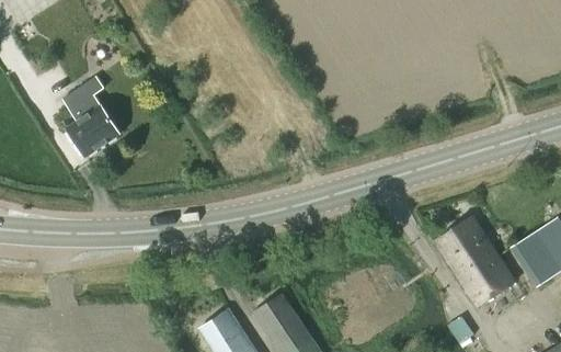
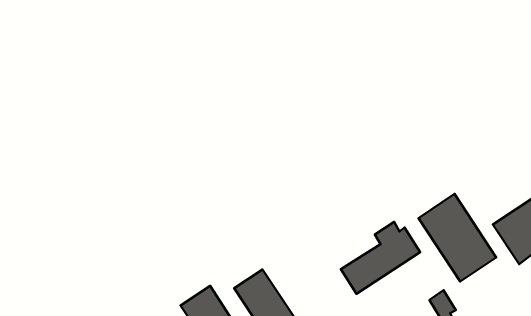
building: [61,82,119,157] -> none
building: none -> [341,222,420,294]

